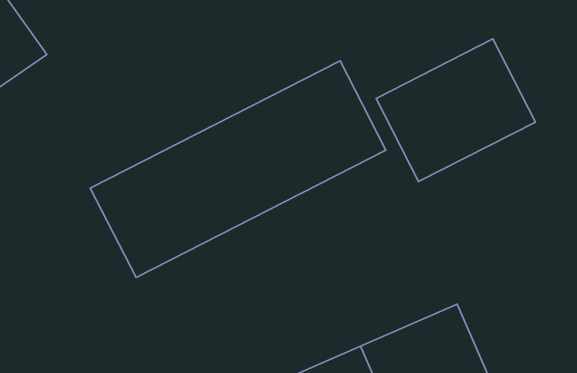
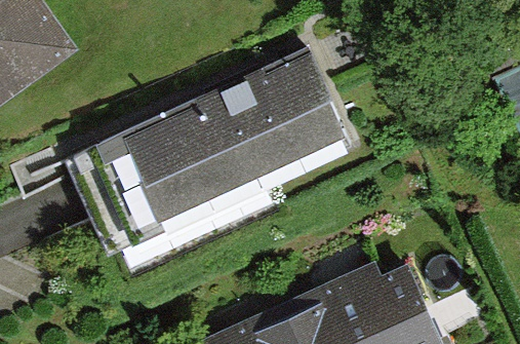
building: [376,39,535,182] -> none

